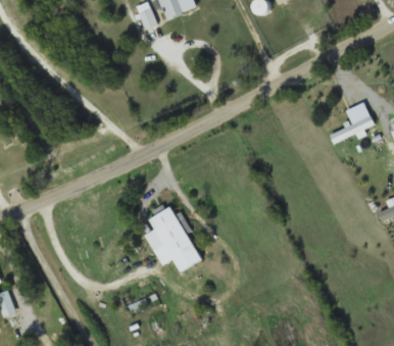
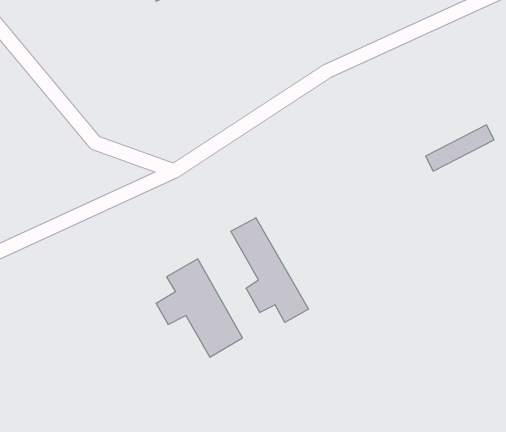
building: none -> [231,218,308,322]

